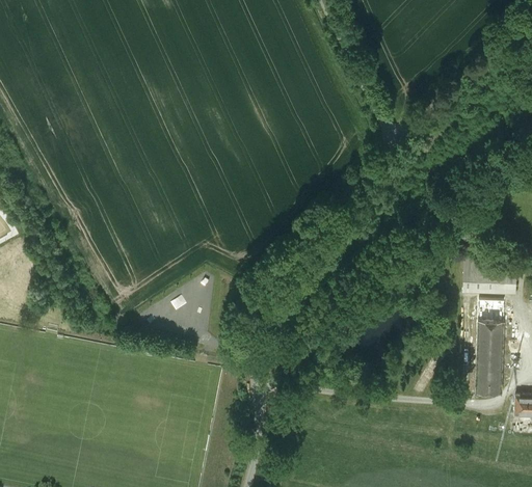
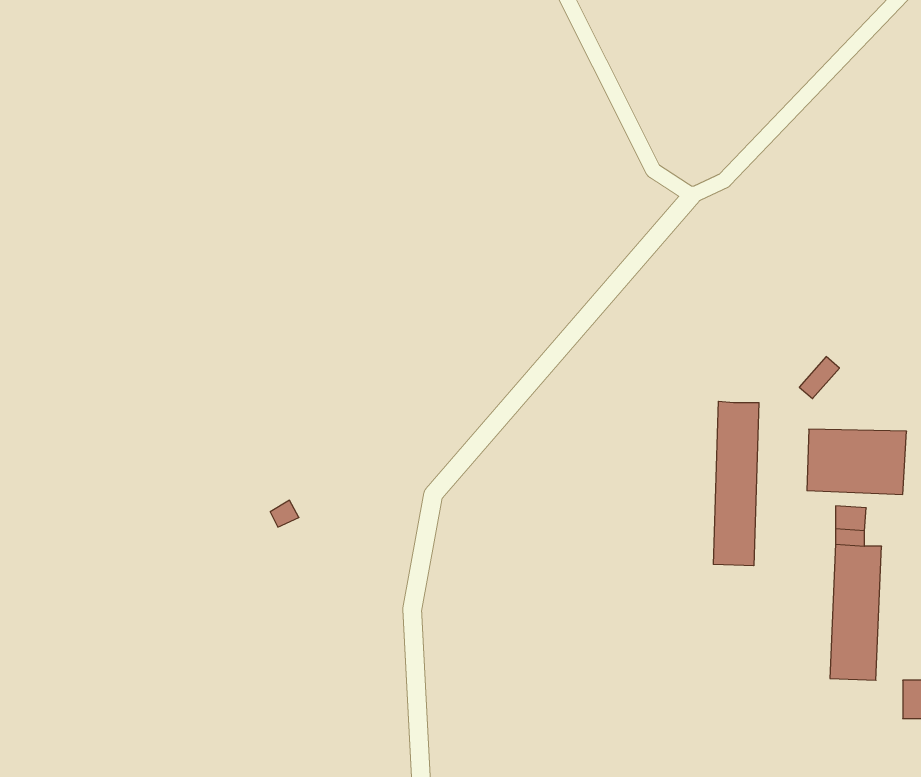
building: none -> [713,401,759,566]

